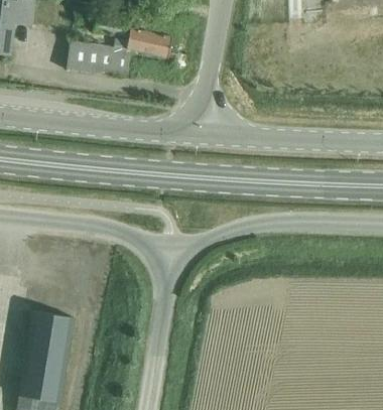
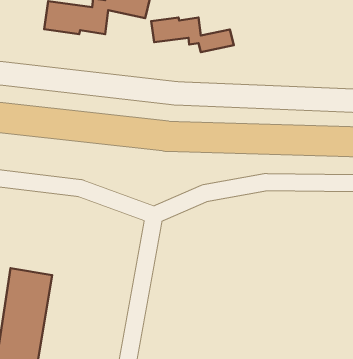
building: none -> [151,17,234,52]

